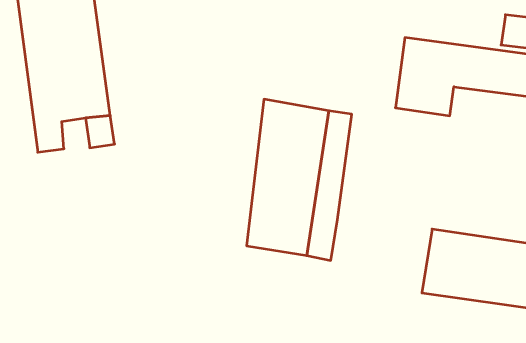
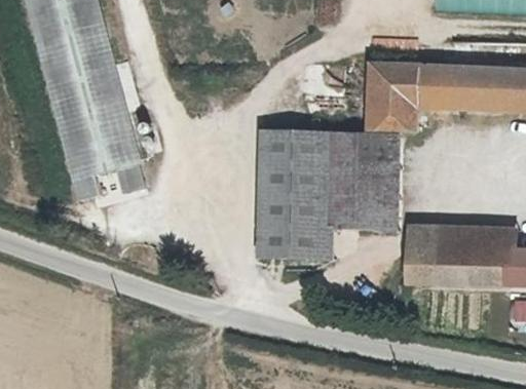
building: none -> [332,137,401,229]

